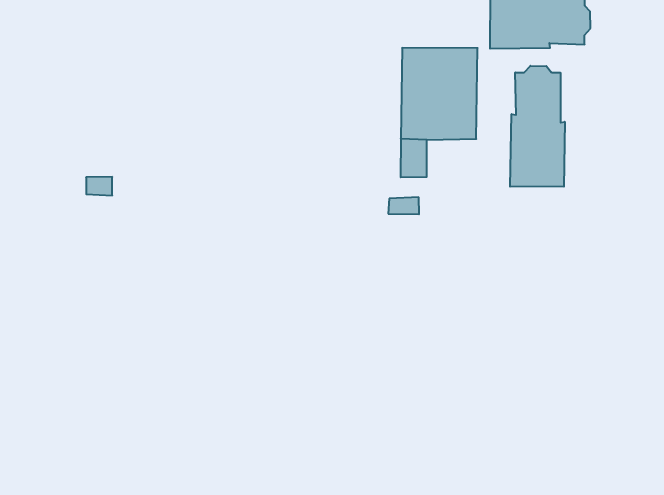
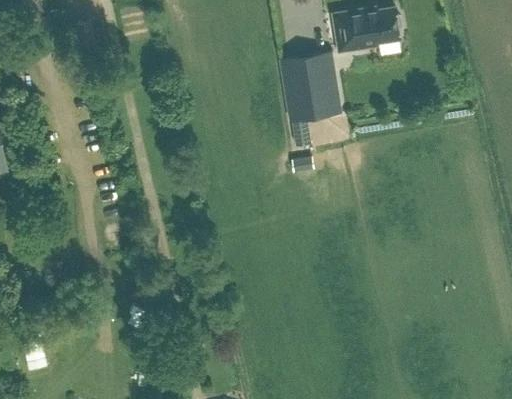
building: [510,66,565,187] -> none

